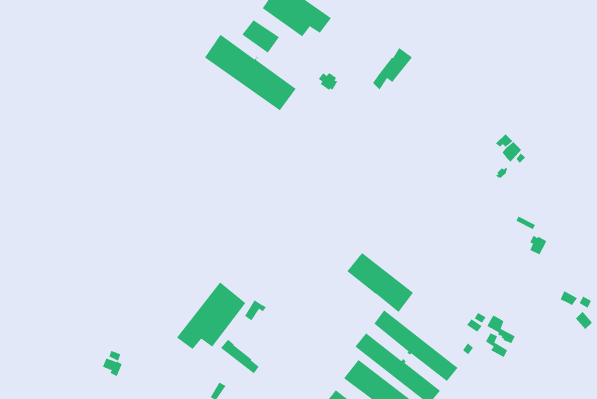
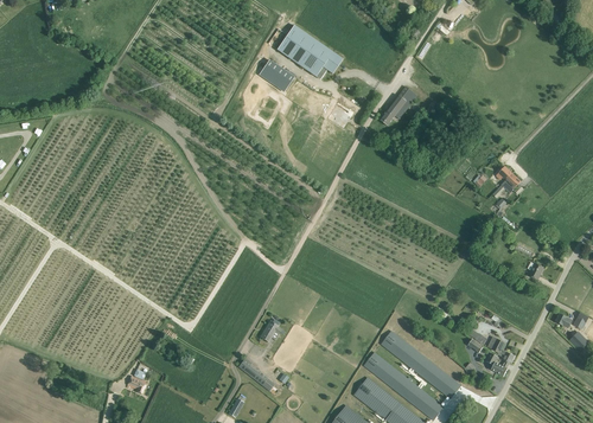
building: [204,34,297,111] -> none
building: [347,252,414,313] -> none
building: [176,281,246,350] -> none

